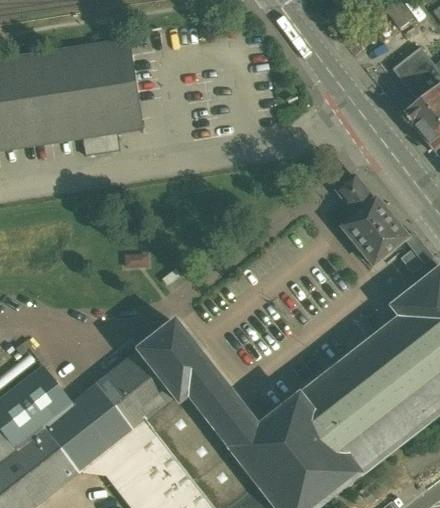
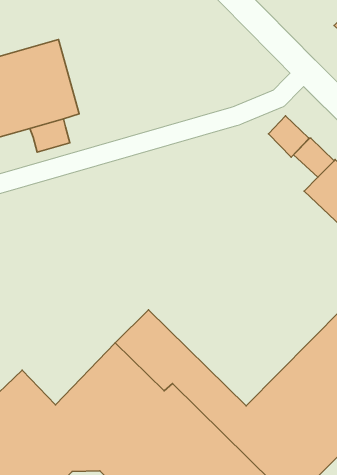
building: none -> [268,116,309,157]

